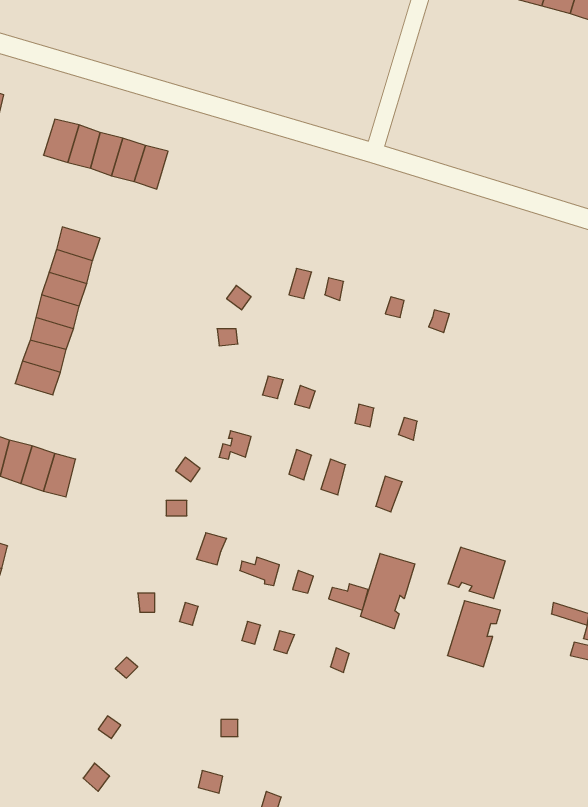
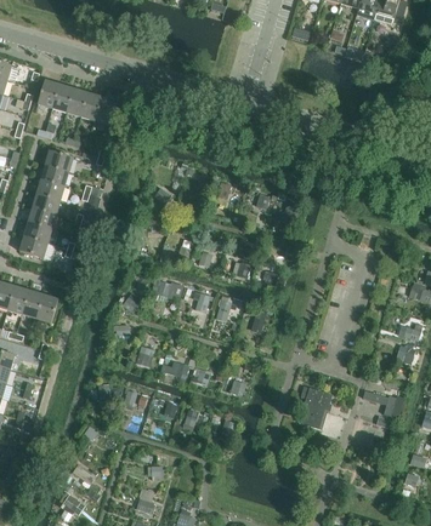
building: [448,547,505,599] -> none
building: [361,553,415,629] -> none

